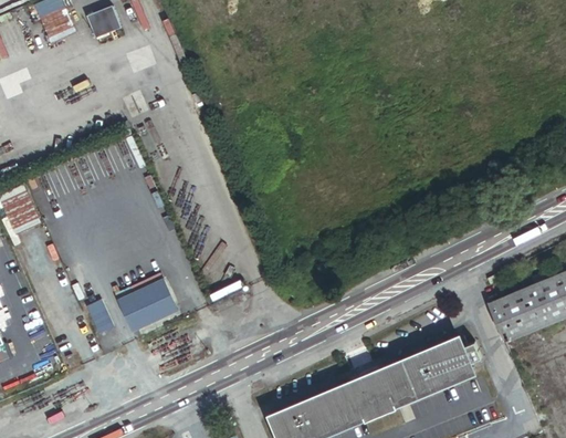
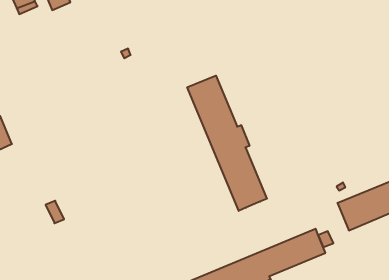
building: none -> [187,76,267,211]
building: [116,278,178,332] -> none

